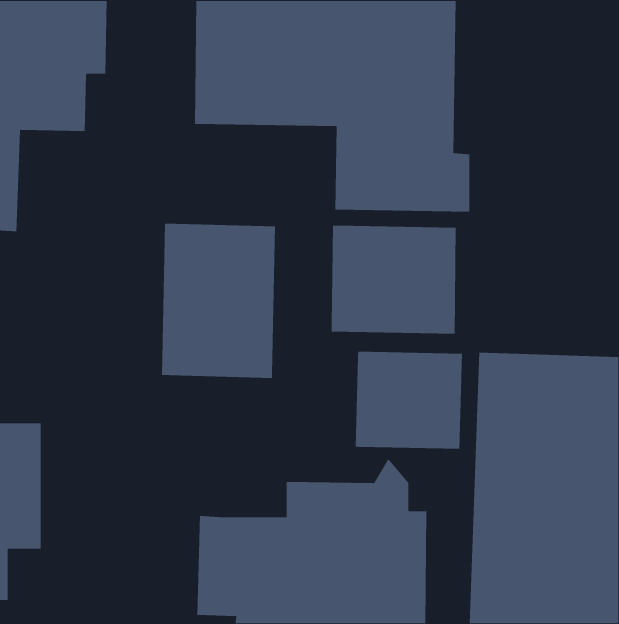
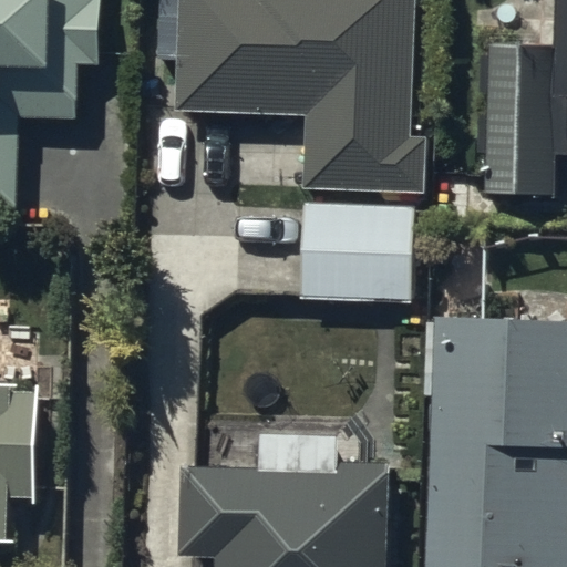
building: none -> [484,44,553,197]
building: [161,223,276,379] -> none
building: [355,351,463,450] -> none

